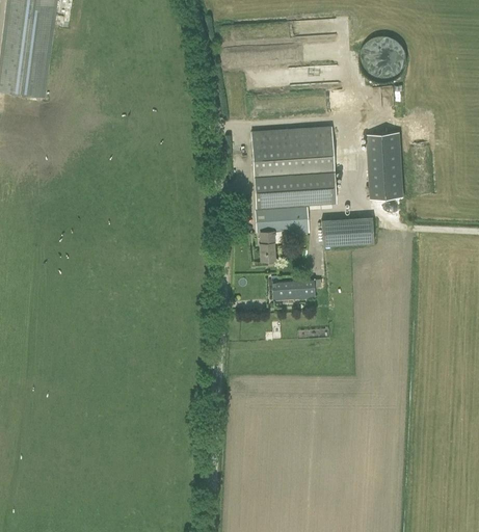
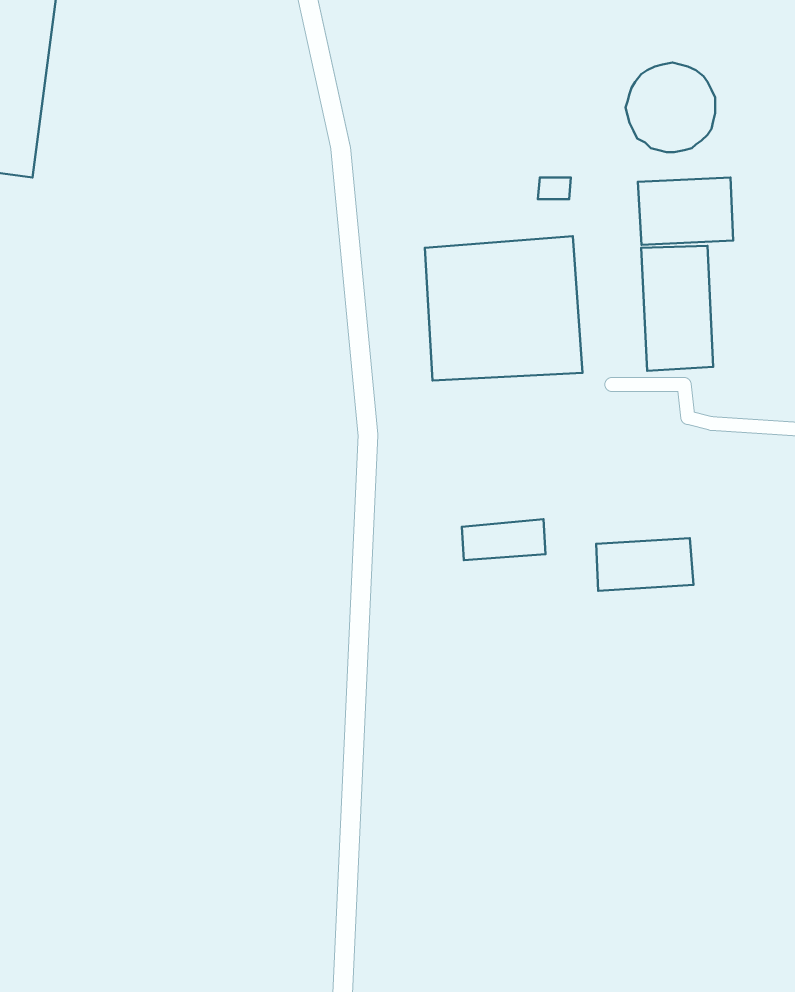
building: none -> [638,177,733,245]
building: [256,207,308,260] -> none
building: [322,217,374,245] -> [596,538,694,591]

